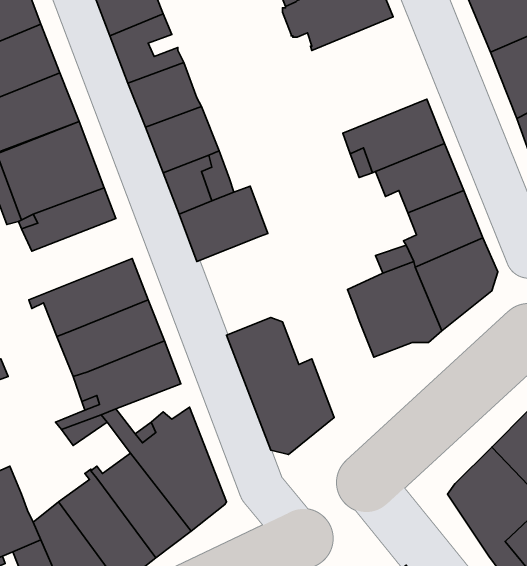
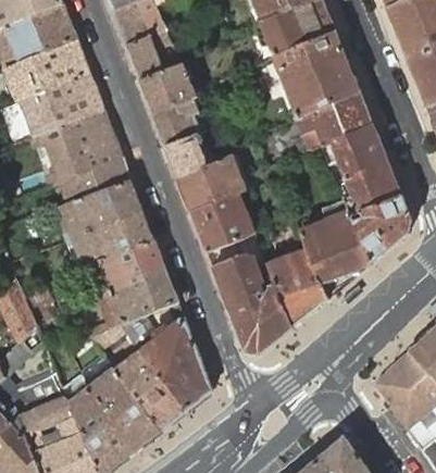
building: none -> [275,33,360,119]
building: none -> [63,182,142,241]
building: none -> [190,195,253,253]
building: none -> [266,248,327,328]

